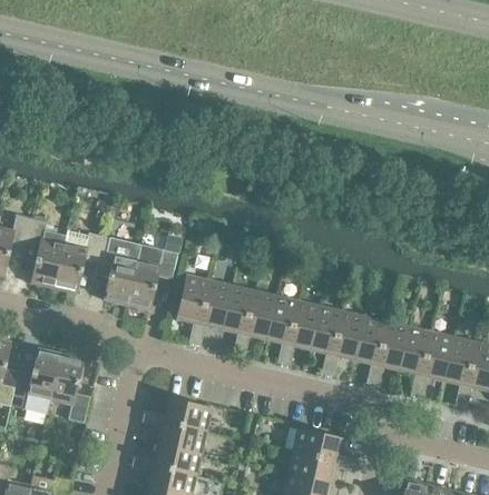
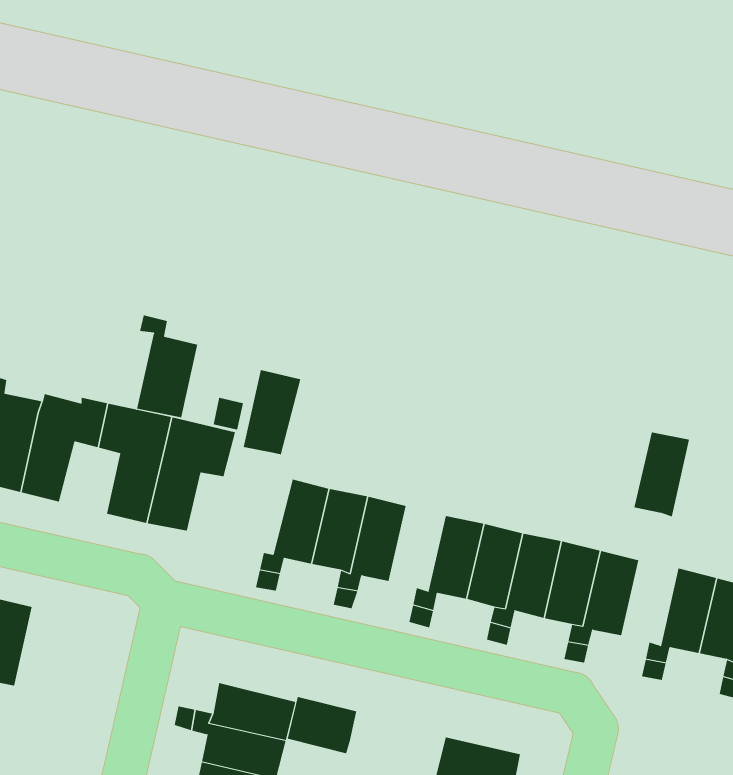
building: none -> [137,314,198,418]
building: [176,274,209,323] -> [243,369,301,455]
building: [265,295,297,344] -> none
building: [399,326,431,375] -> [634,432,690,517]
building: [50,353,89,422] -> none
building: none -> [287,696,357,754]

